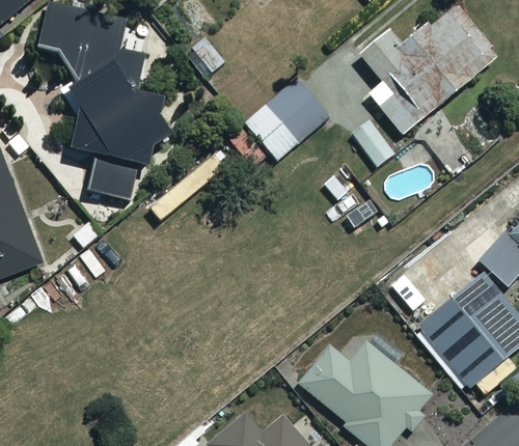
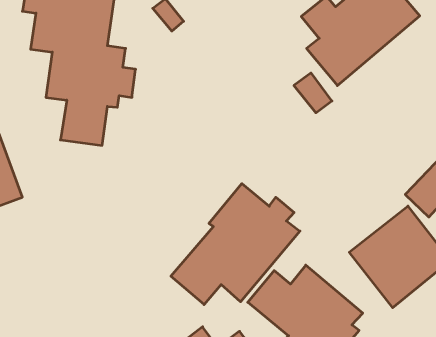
building: [243,79,329,162] -> none
building: none -> [171,184,300,305]

